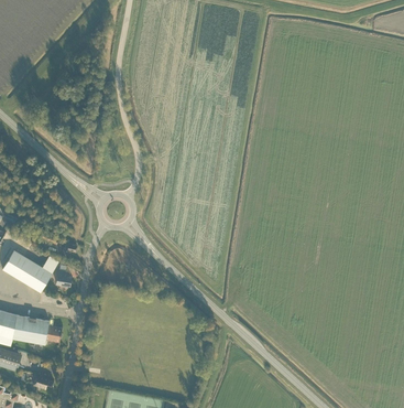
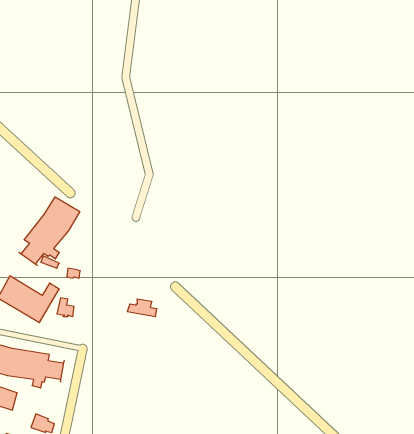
building: none -> [19,197,80,265]

